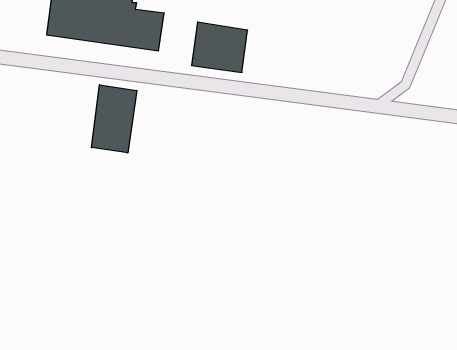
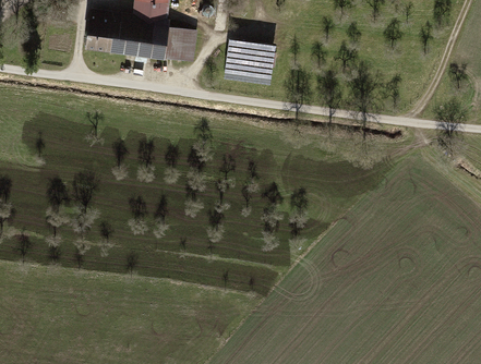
building: [92,85,137,153] -> none

